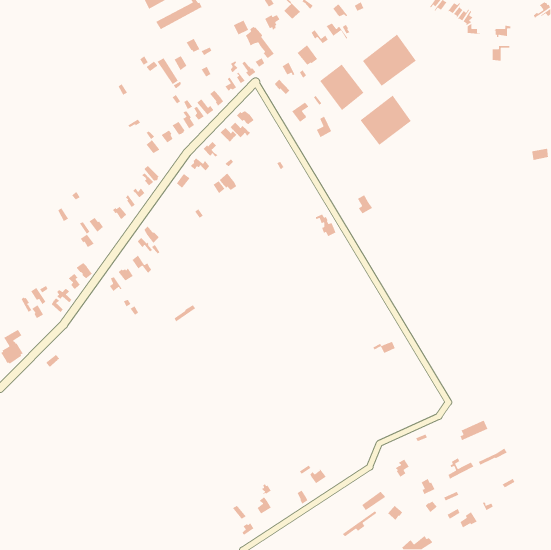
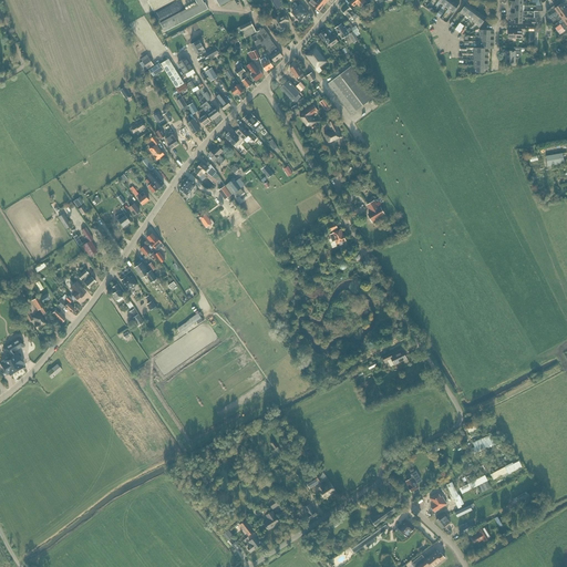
building: [362,33,417,87] -> none
building: [360,94,412,146] -> none

